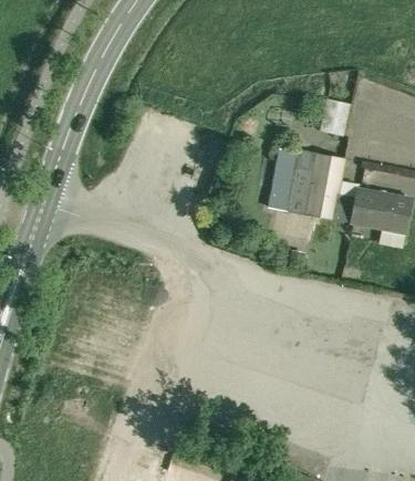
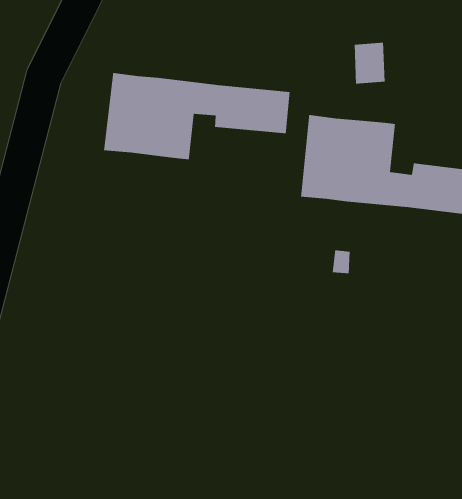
building: none -> [103,72,291,160]

